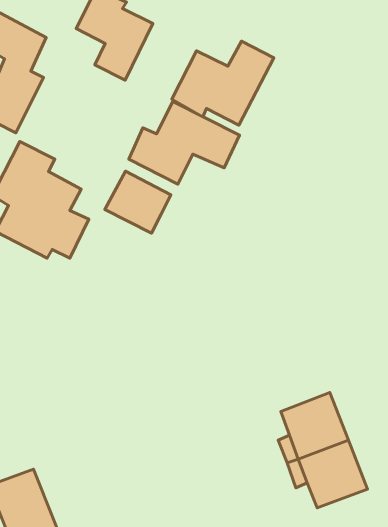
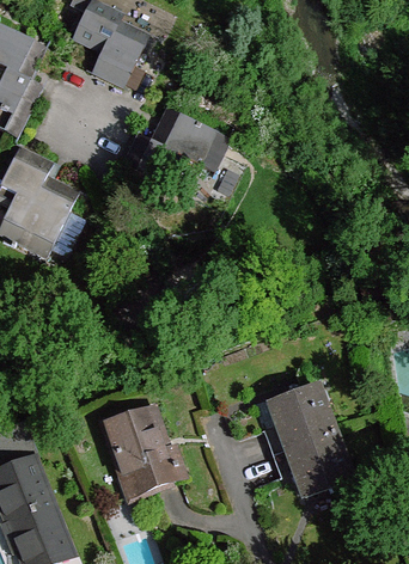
building: [172,41,274,125] -> none
building: [105,171,171,233] -> none
building: none -> [105,405,182,494]

